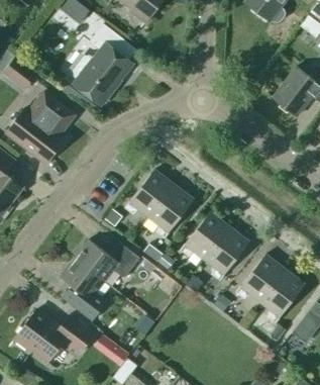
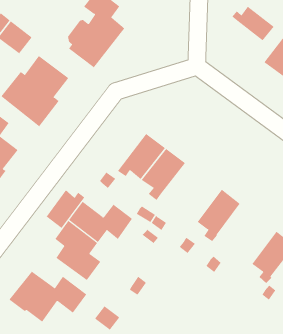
building: none -> [231,6,274,41]
building: [180,211,230,260] -> none
building: none -> [46,190,85,229]
building: [236,254,286,302] -> none

